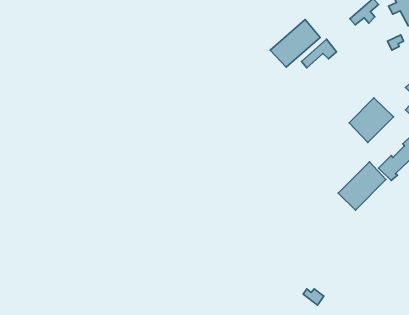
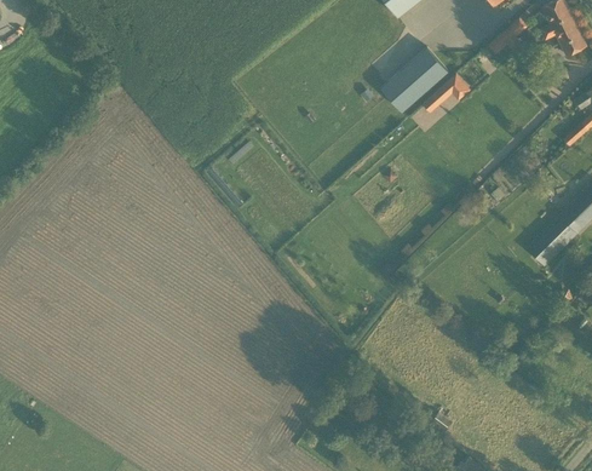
building: [349,98,393,142] -> none
building: [338,162,386,210] -> none

